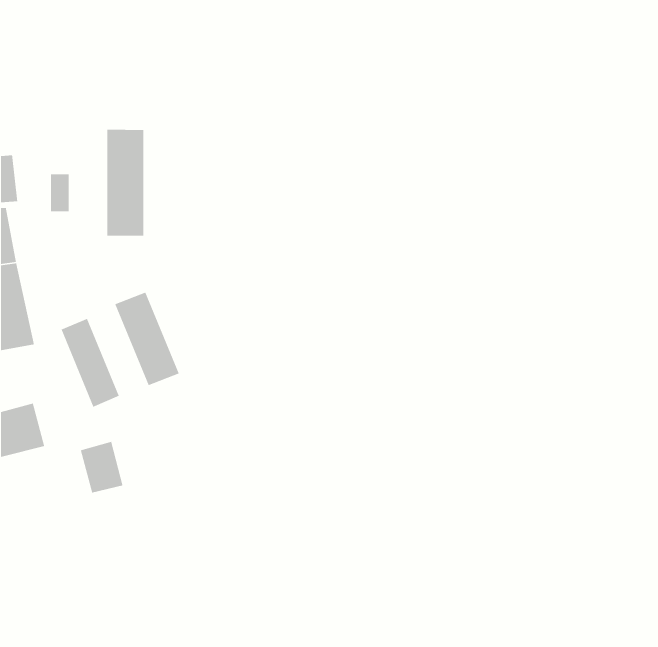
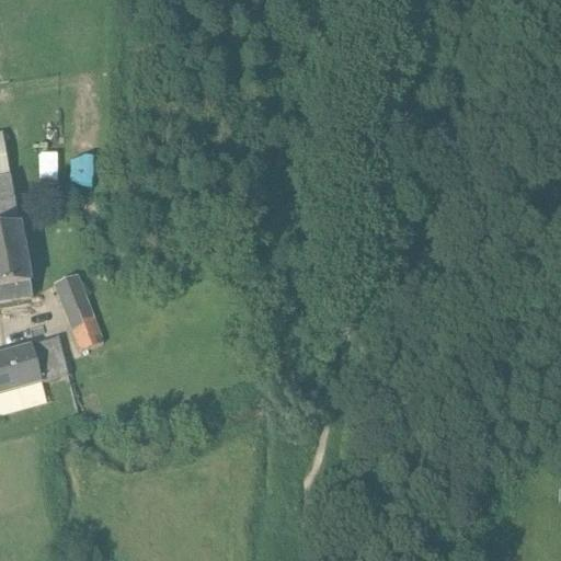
building: [107,129,144,237] -> none
building: [114,291,180,386] -> none
building: [80,441,124,494] -> [28,335,66,380]

